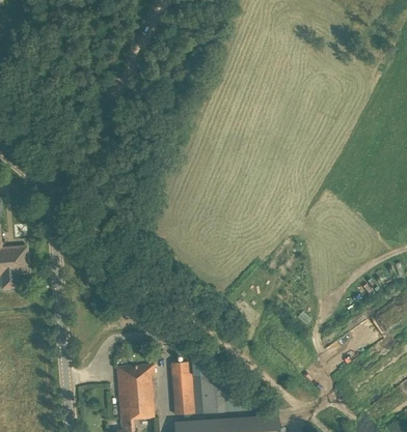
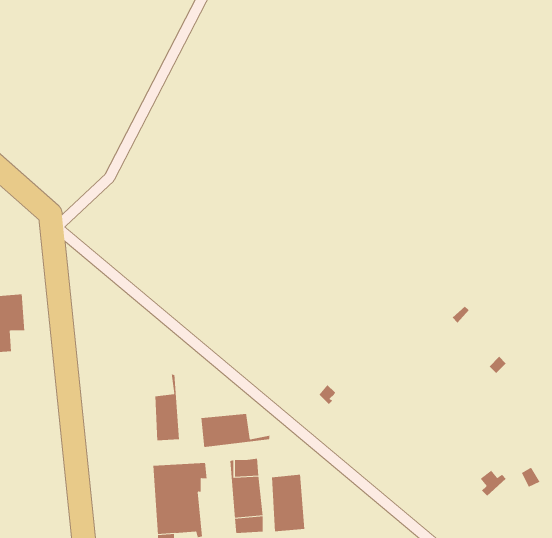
building: none -> [155,374,179,441]
building: none -> [201,413,270,448]

